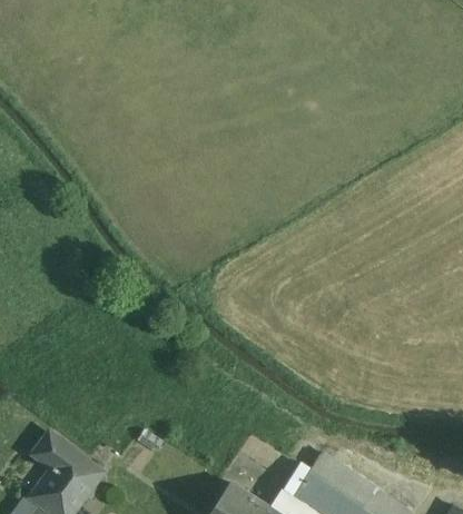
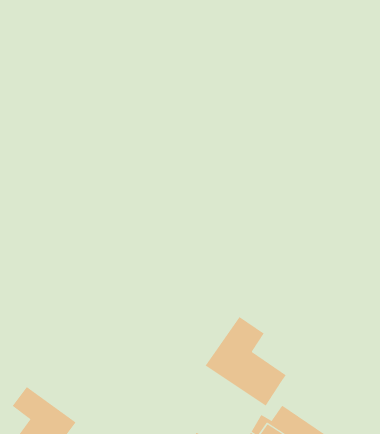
building: none -> [205,316,287,406]

